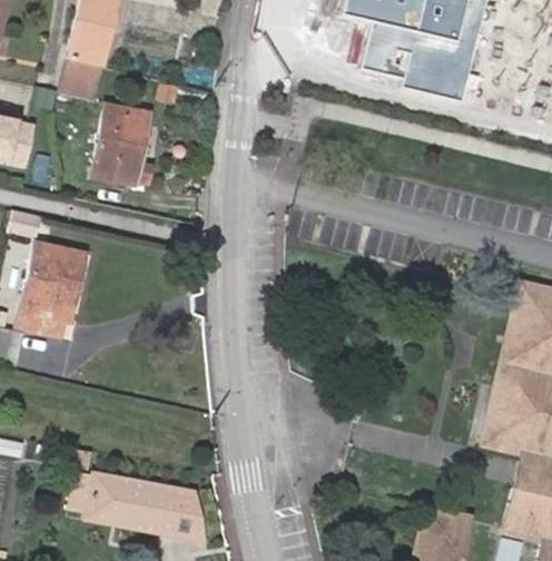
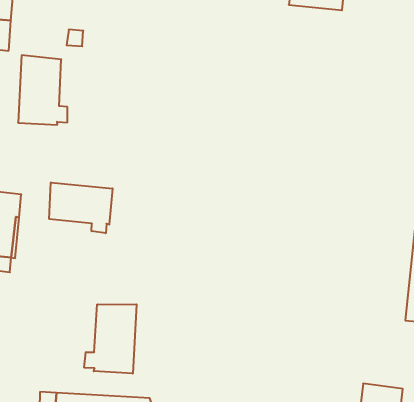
building: none -> [49,182,113,233]
building: none -> [84,304,137,374]

